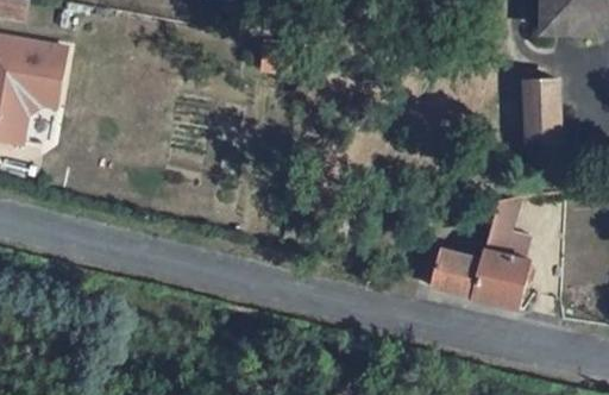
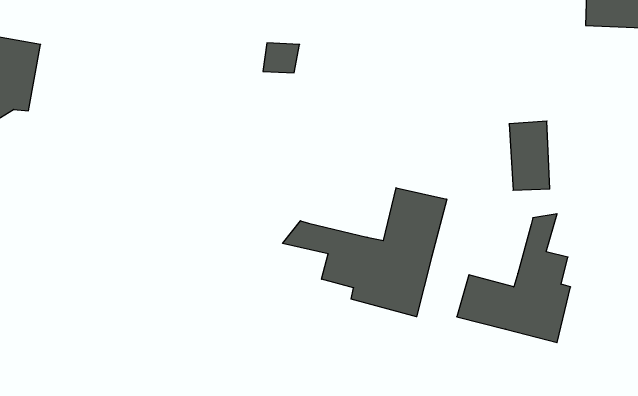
building: [525,79,560,139] -> [509,121,550,190]
building: none -> [283,188,447,317]

